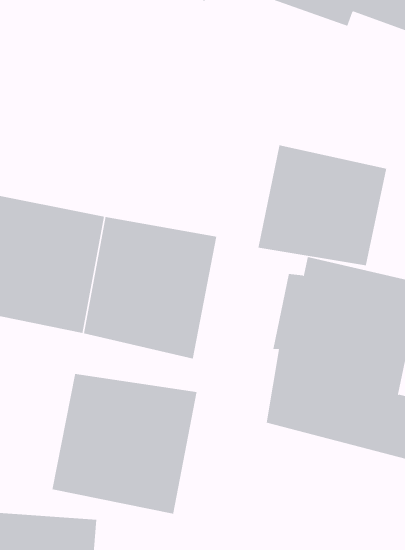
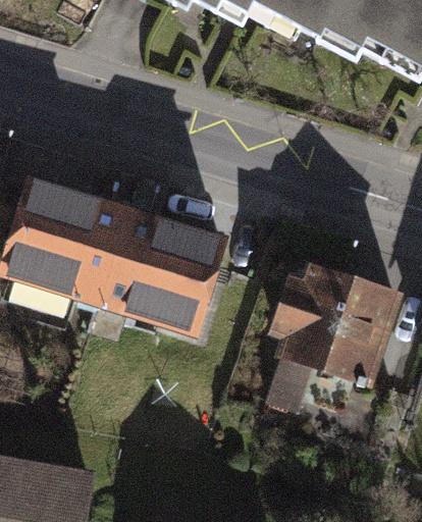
building: [258,145,387,266] -> none
building: [52,373,197,515] -> none

